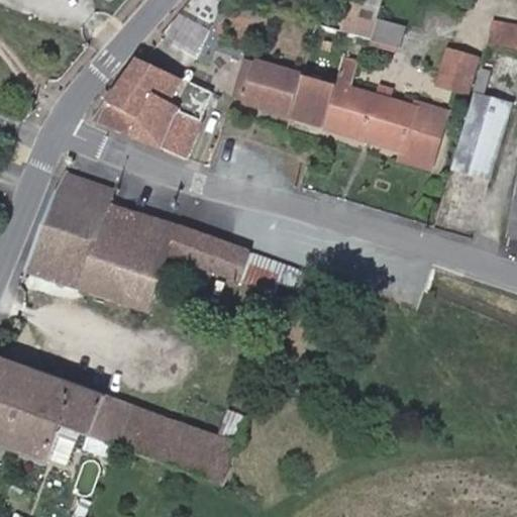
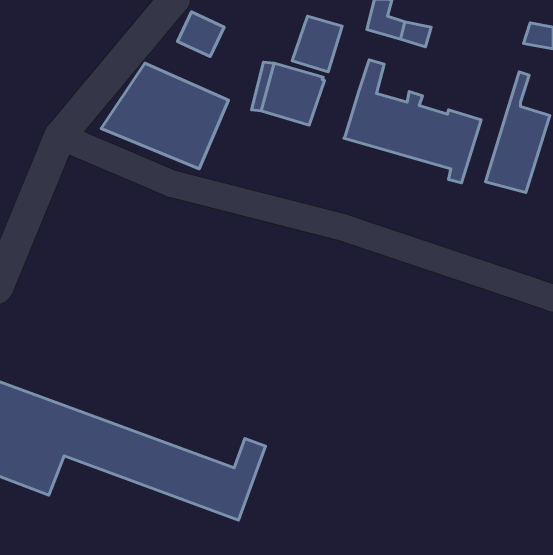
building: [435,49,475,92] -> none
building: [287,75,333,126] -> [292,16,342,72]
building: [24,175,303,314] -> none

